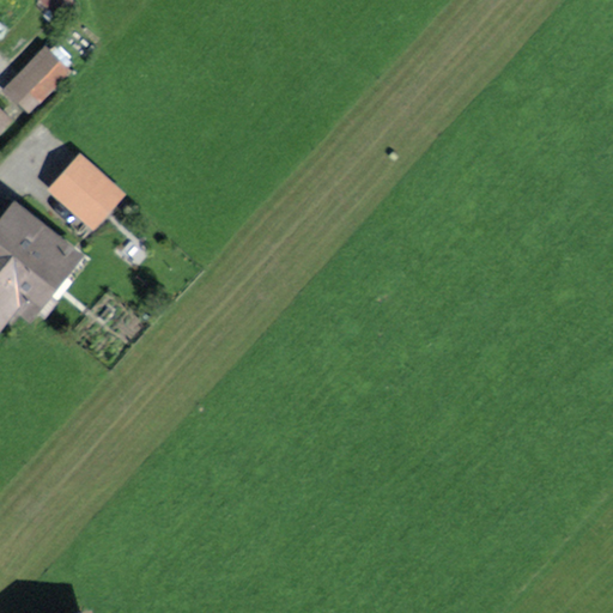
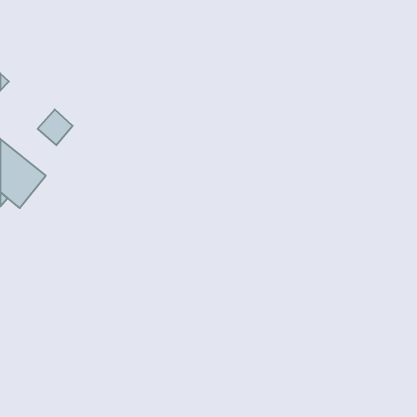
building: [6,53,66,103] -> none

